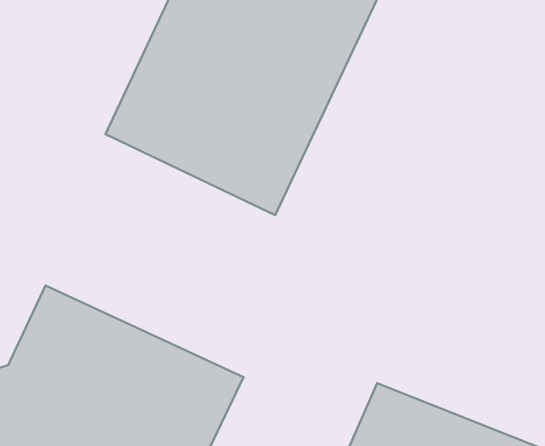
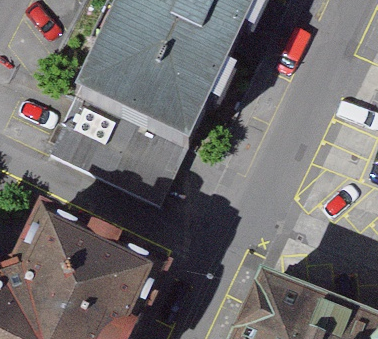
building: none -> [45,96,186,208]

